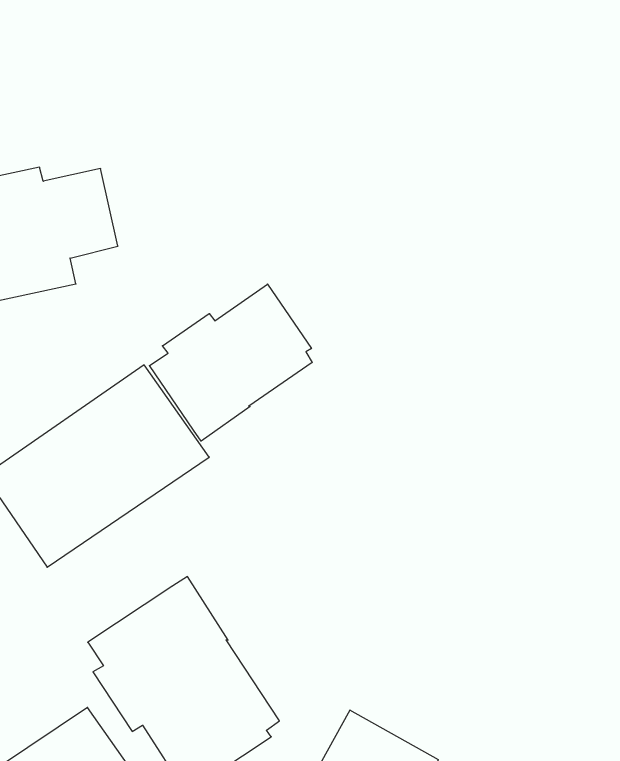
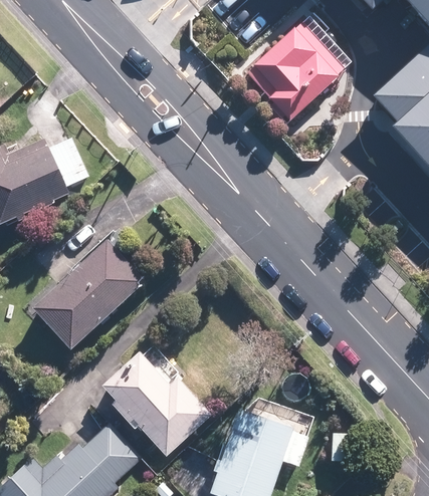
building: none -> [243,28,338,122]
building: [149,284,312,441] -> none

